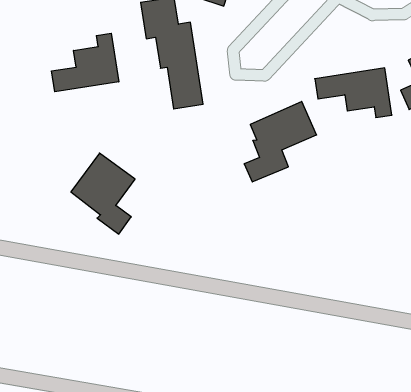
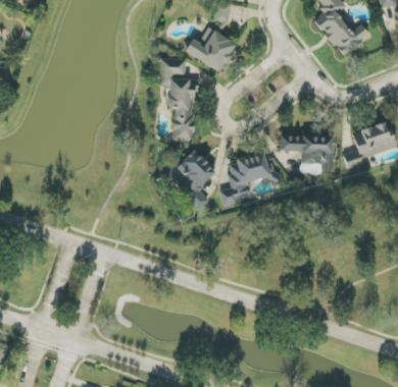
building: [52,33,119,92] -> none
building: [71,153,135,234] -> [167,149,216,211]

